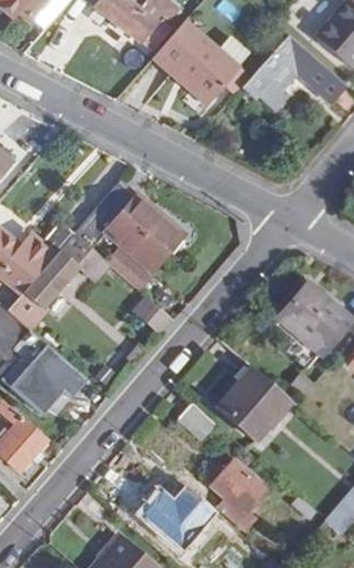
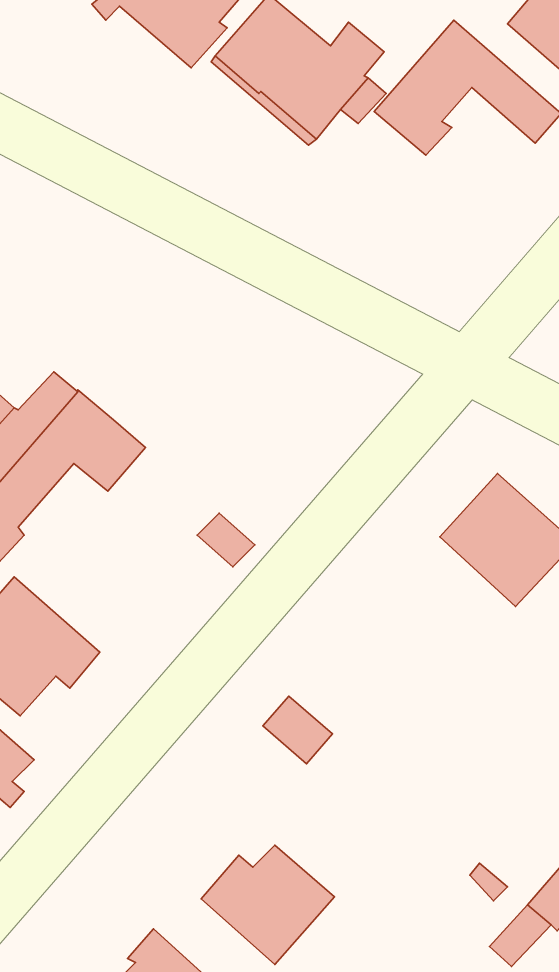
building: [74,183,185,274] -> none
building: [216,369,292,445] -> none
building: [209,463,266,531] -> none

